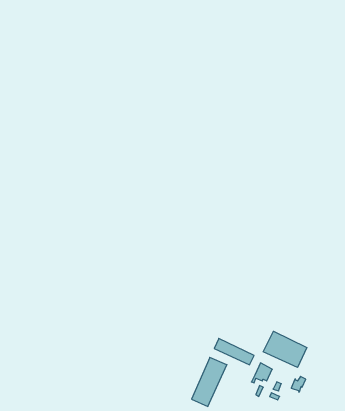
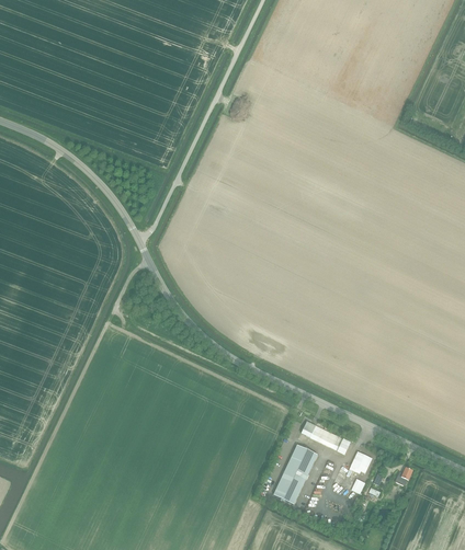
building: [263,331,307,367] -> none

